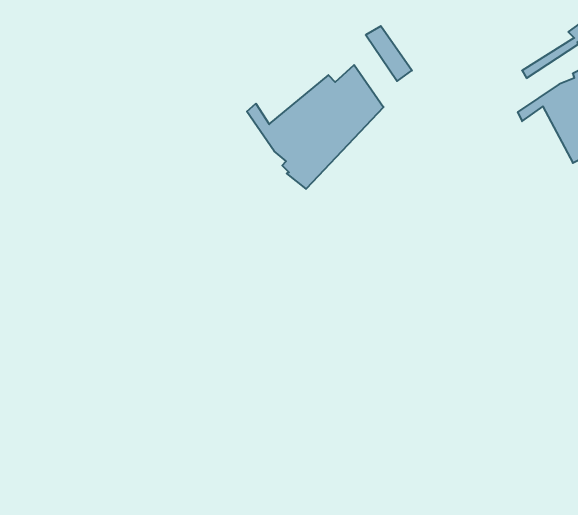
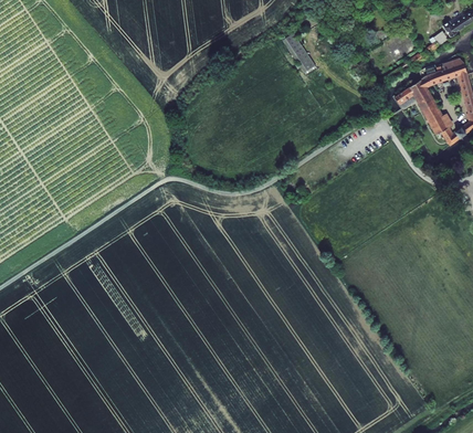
building: [247,65,384,189] -> none

